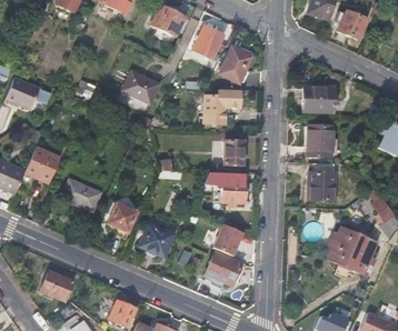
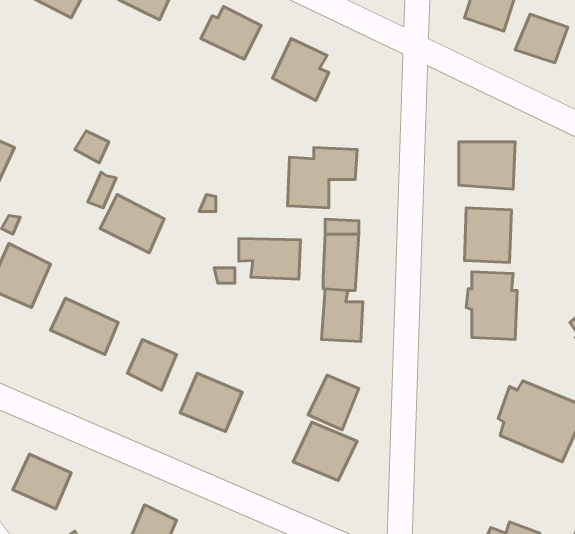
building: [218,44,253,83] -> none
building: [122,69,160,103] -> [100,195,164,253]
building: none -> [239,238,300,279]

